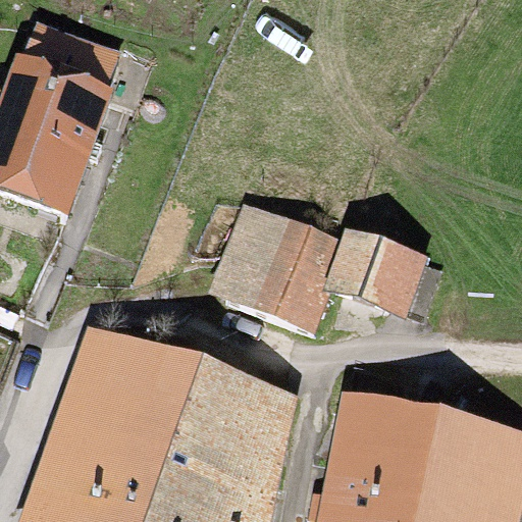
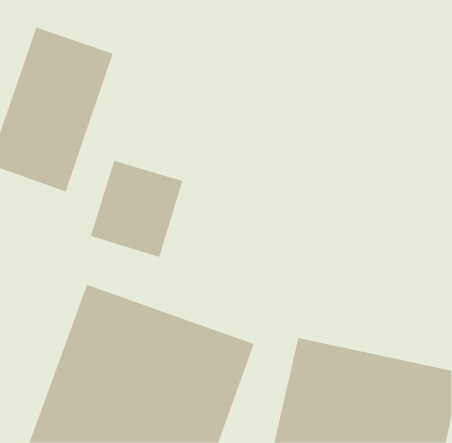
building: [211,210,317,321] -> [90,160,183,258]
building: [330,241,424,328] -> none

